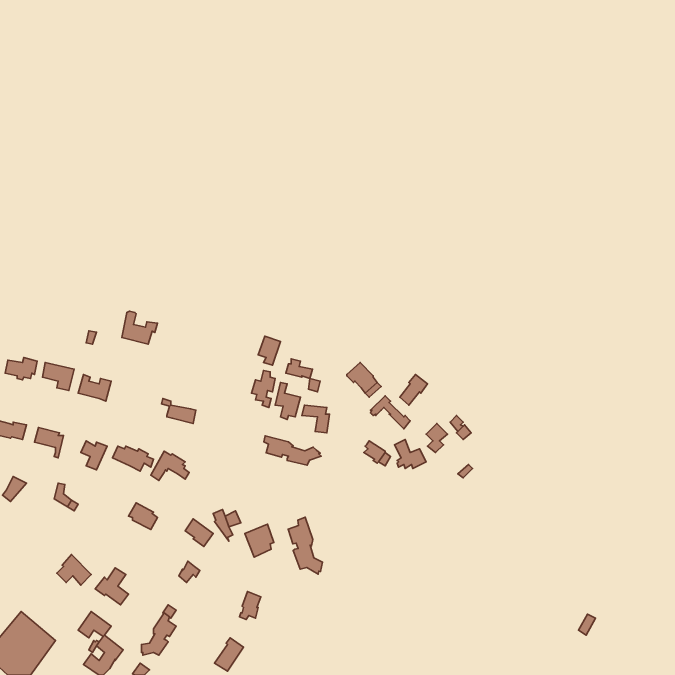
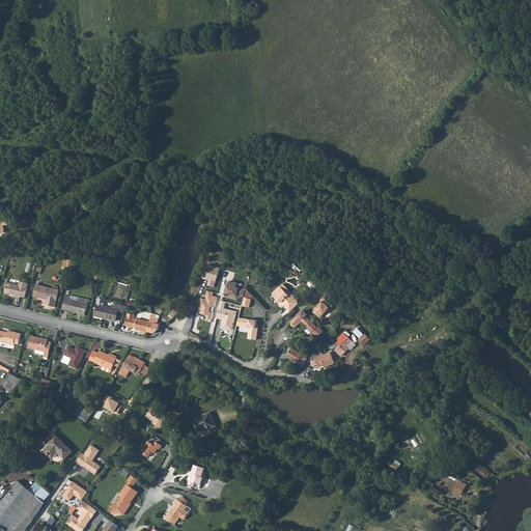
building: [122,311,157,344] -> [93,295,121,320]
building: [264,436,321,465] -> none
building: [288,517,322,574] -> none

